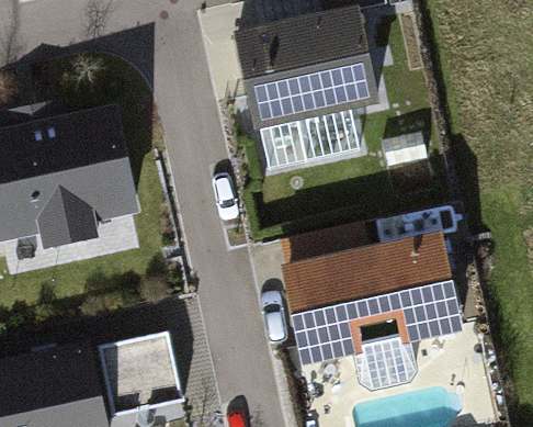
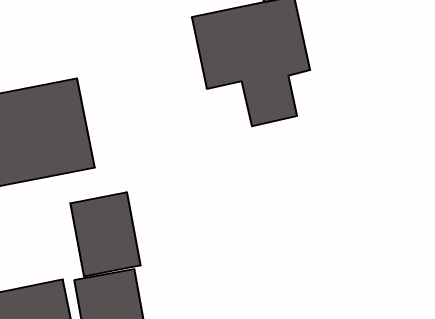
building: [283,239,454,367] -> none
building: none -> [70,192,141,277]

